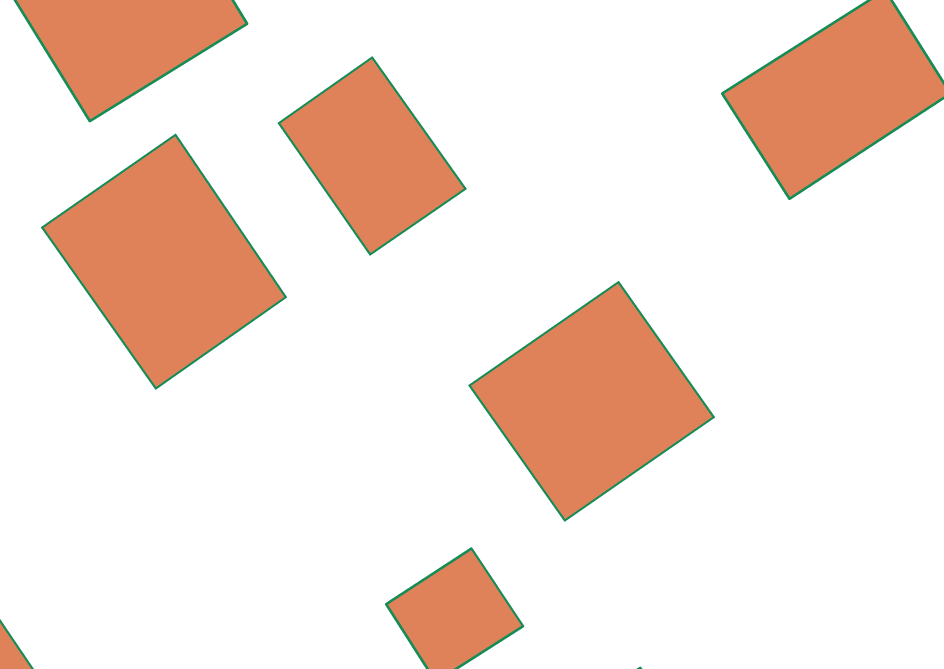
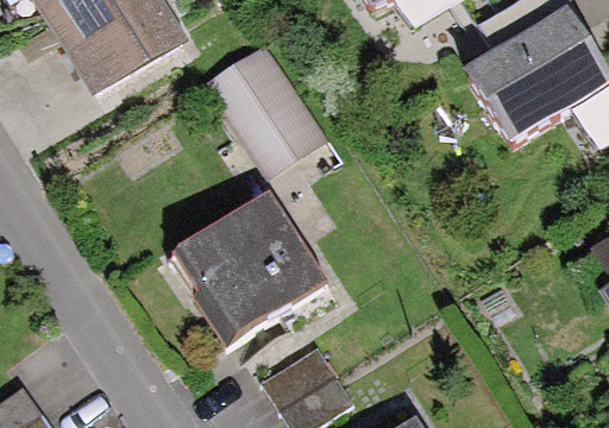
building: [42,135,286,388] -> none
building: [469,282,714,521] -> [175,194,321,336]

